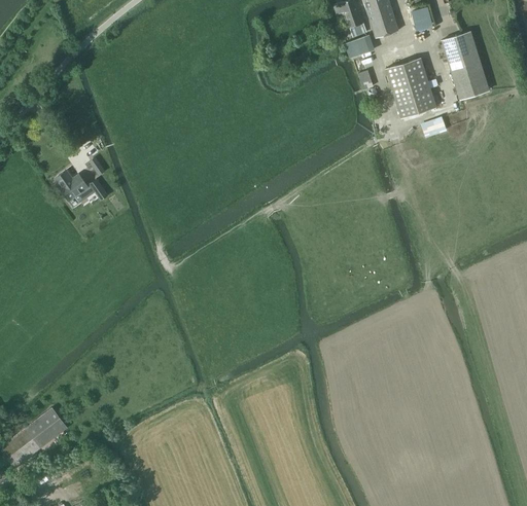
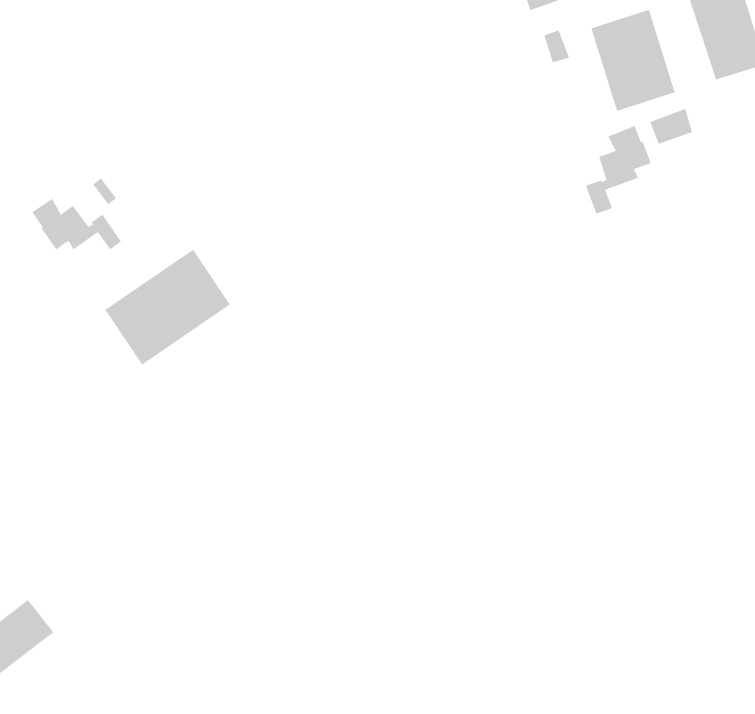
building: none -> [585,125,651,214]
building: none -> [105,249,231,366]

